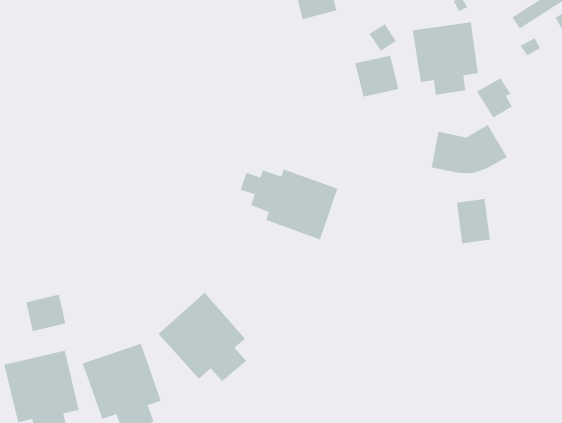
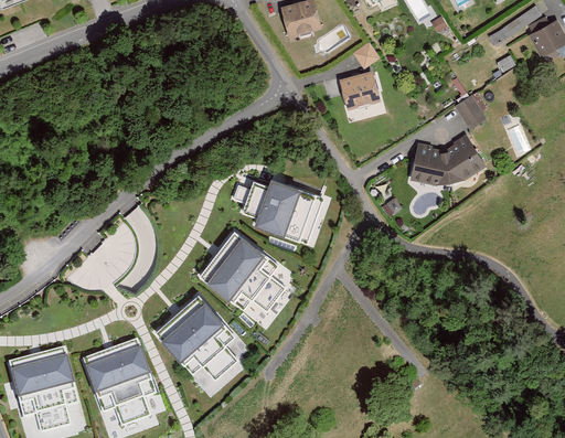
building: [412,22,479,96] -> none
building: [456,198,490,244] -> none
building: none -> [198,232,286,311]
building: [26,294,66,332] -> none

